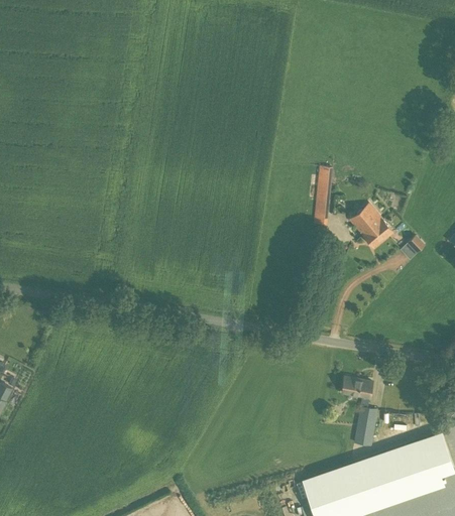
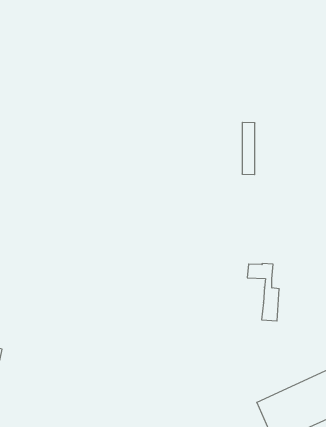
building: [350,204,393,249] -> none
building: [343,379,377,445] -> [247,264,279,321]

